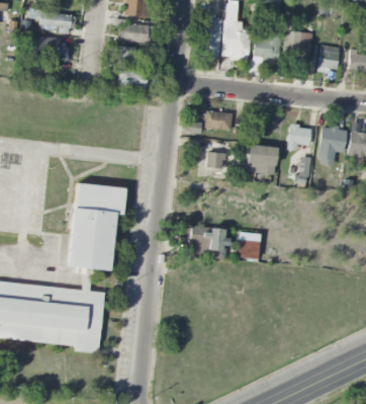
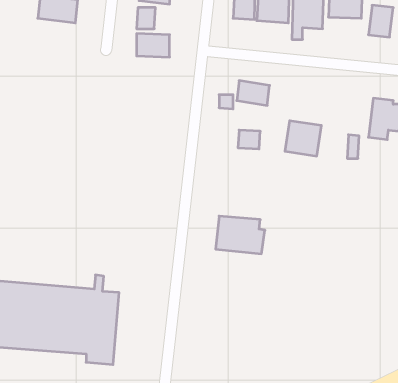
building: [288,126,311,150] -> none
building: [68,183,125,270] -> none
building: [240,237,260,258] -> none

